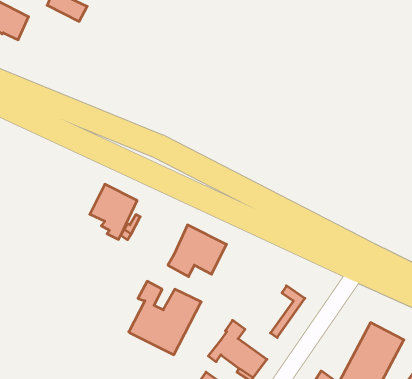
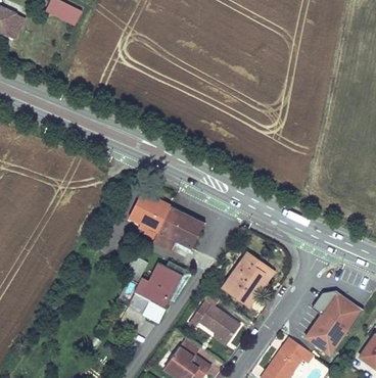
building: [90,184,137,239] -> [128,191,170,240]
building: none -> [223,252,264,301]

